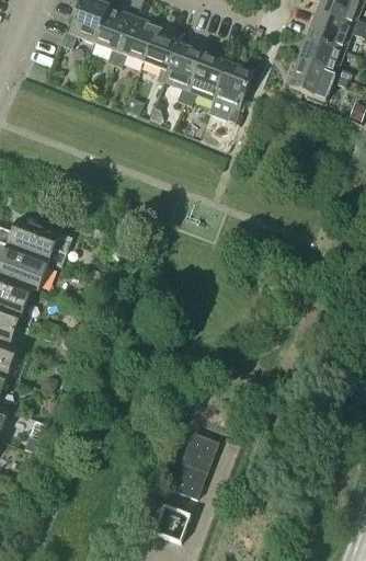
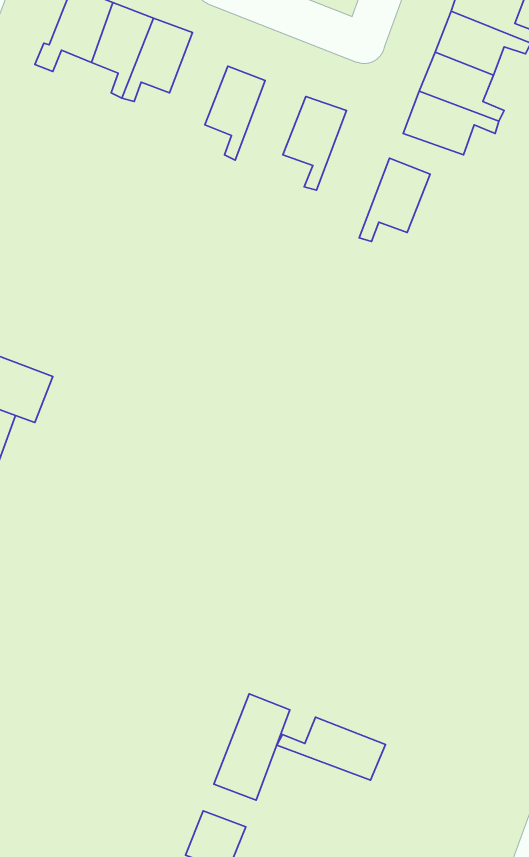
building: [142,24,183,83] -> none
building: [183,54,227,105] -> [359,158,430,242]
building: none -> [277,717,386,780]

